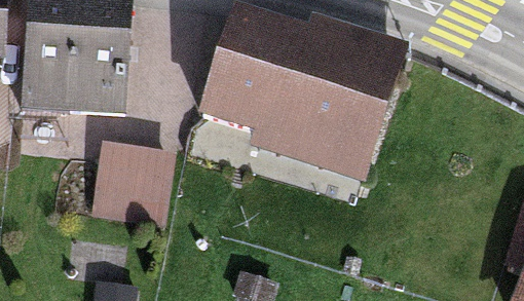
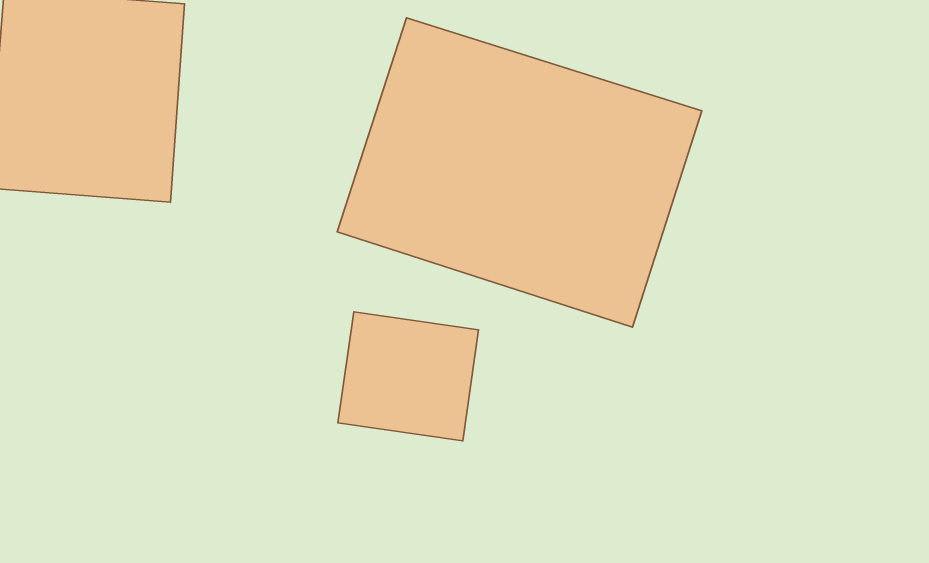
building: [97,147,170,214] -> [338,312,479,441]

